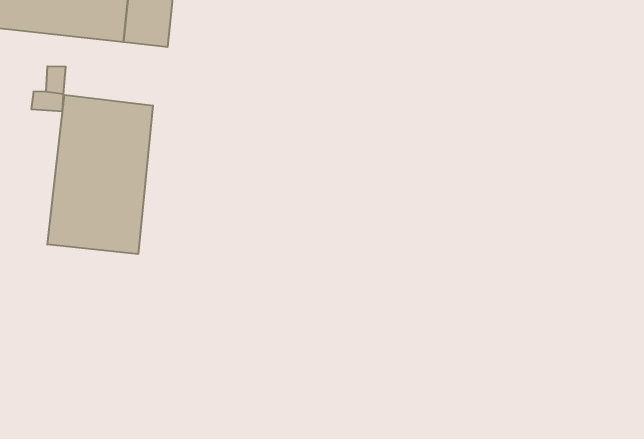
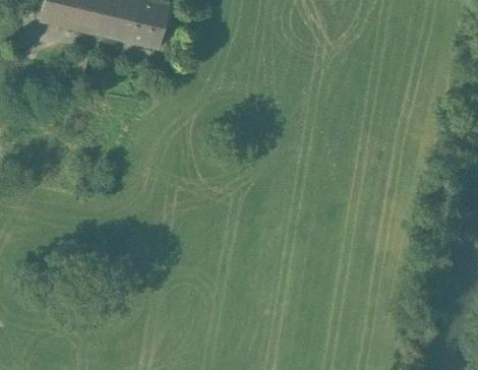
building: [47,95,153,254] -> none

